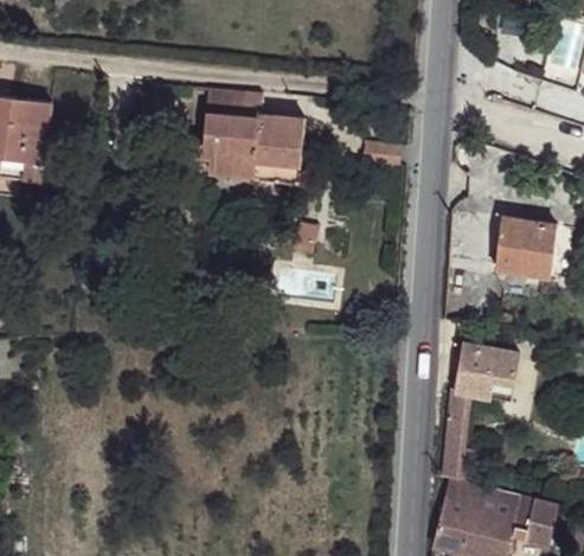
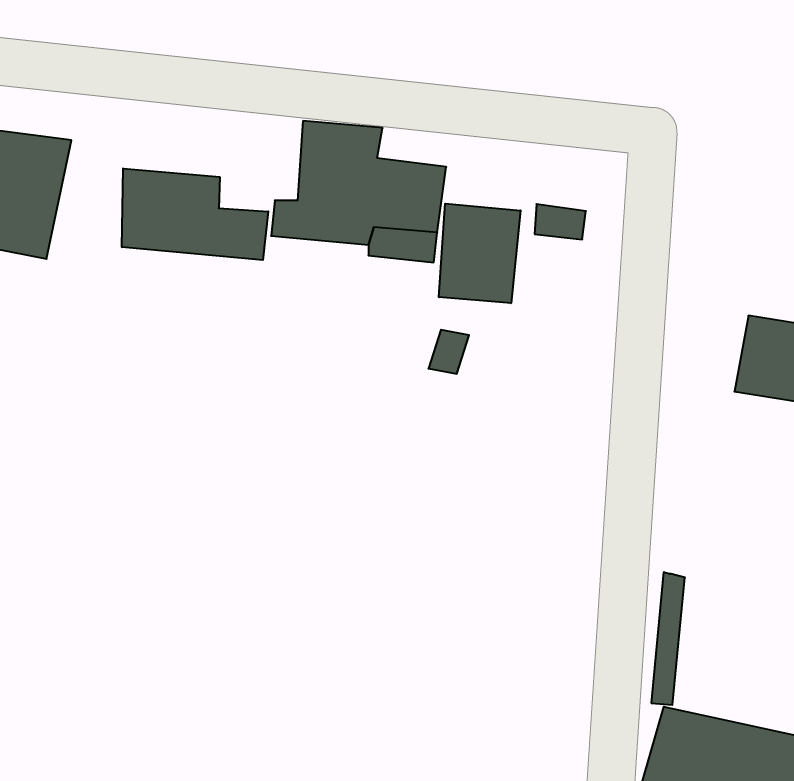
building: none -> [122,168,268,260]
building: none -> [439,204,521,303]
building: [455,345,520,400] -> none

